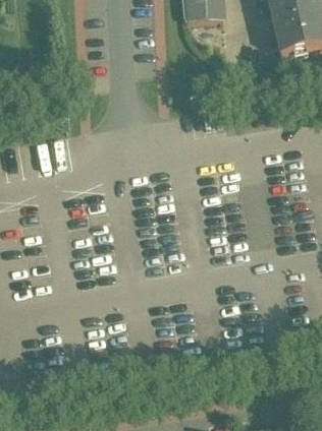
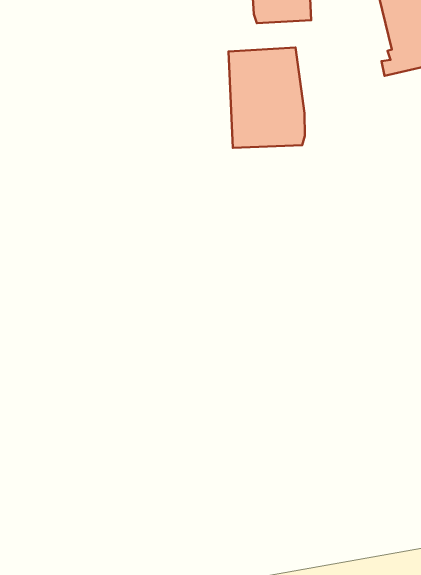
building: none -> [228,47,305,148]

